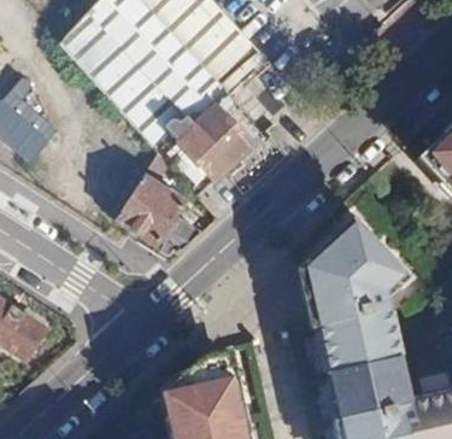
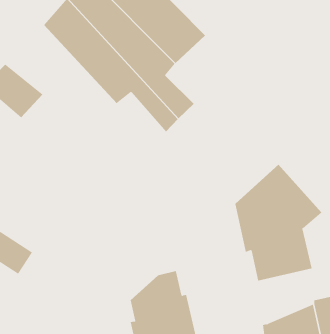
building: [123,171,201,250] -> none
building: [330,353,407,423] -> none

